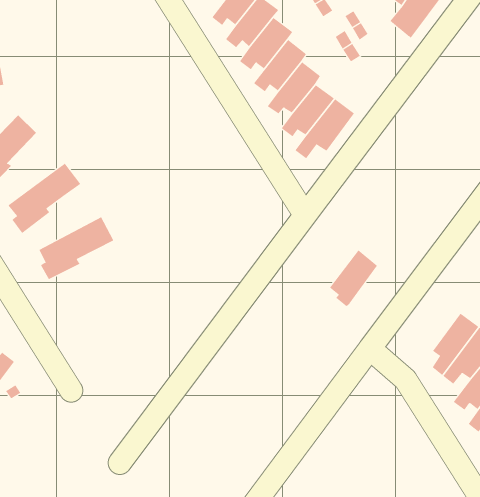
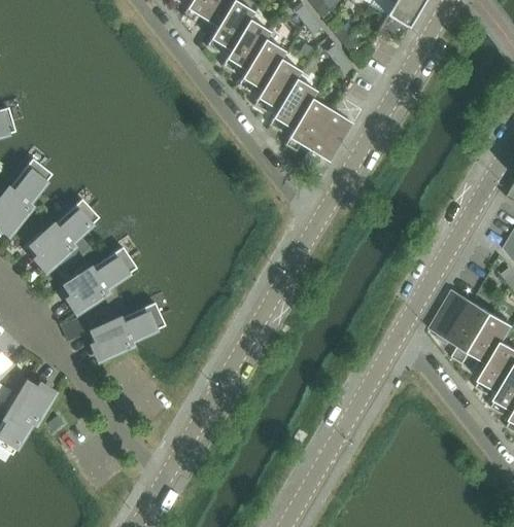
building: [329,250,378,307] -> [430,288,474,344]
building: none -> [93,302,166,359]

